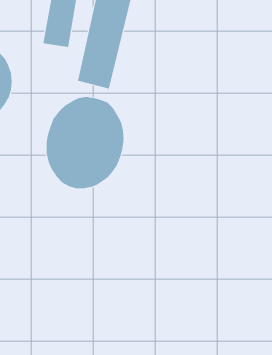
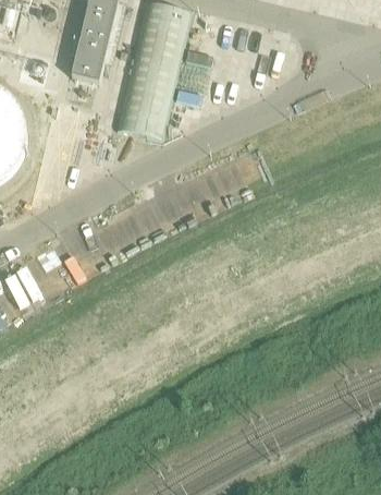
building: [46,96,124,189] -> none

